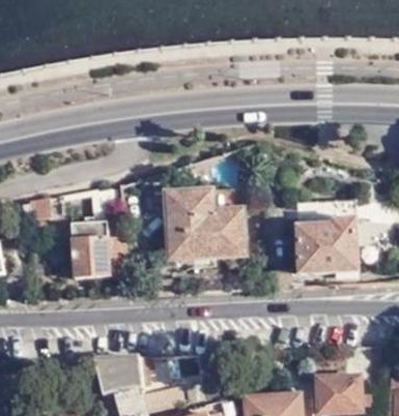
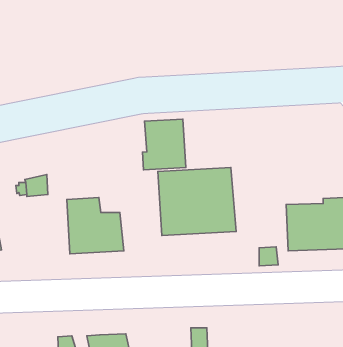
building: none -> [143,119,186,170]

